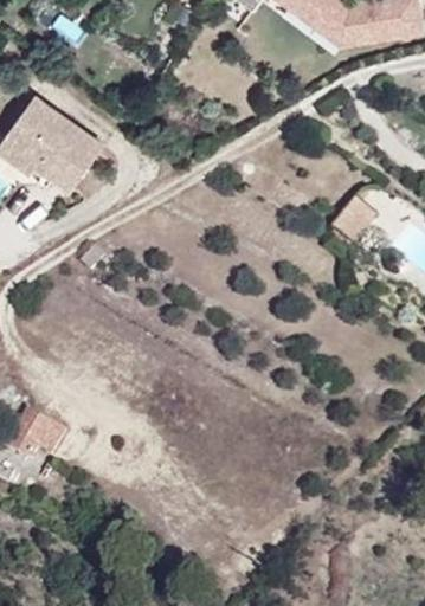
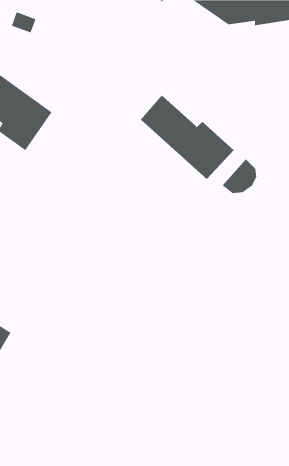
building: none -> [140,94,235,180]

